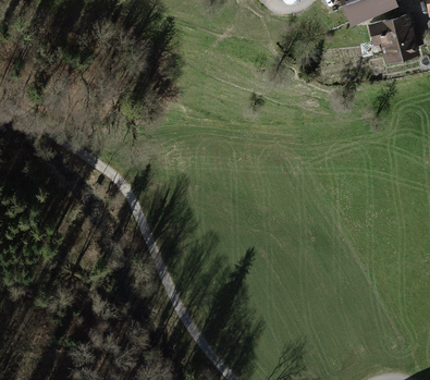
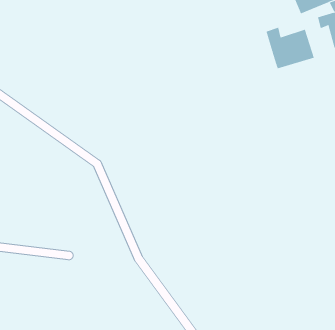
building: none -> [266,27,314,69]

